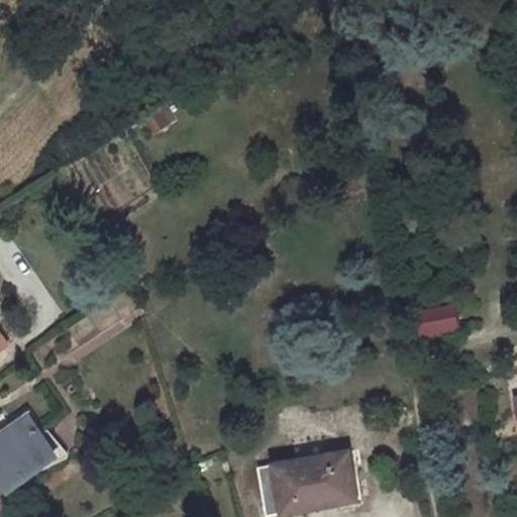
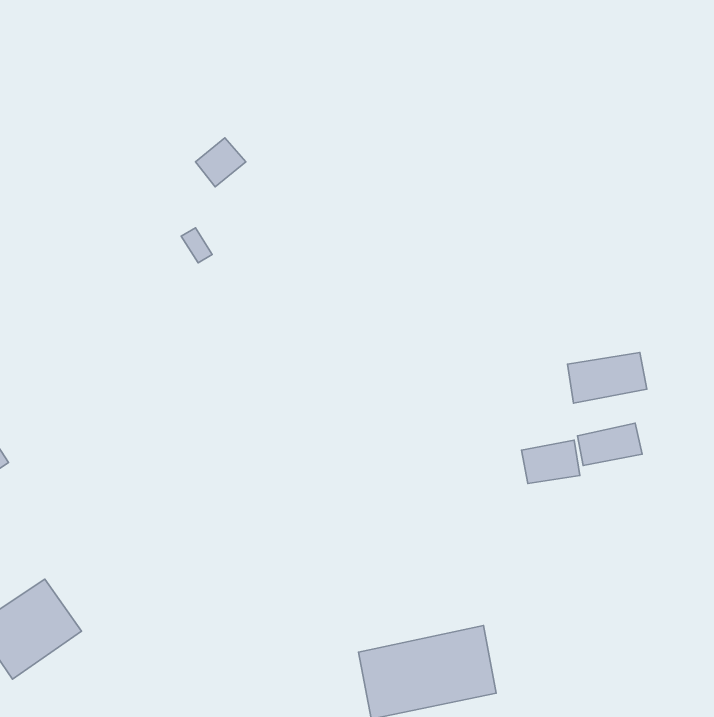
building: none -> [568,353,647,403]
building: none -> [521,440,580,484]

